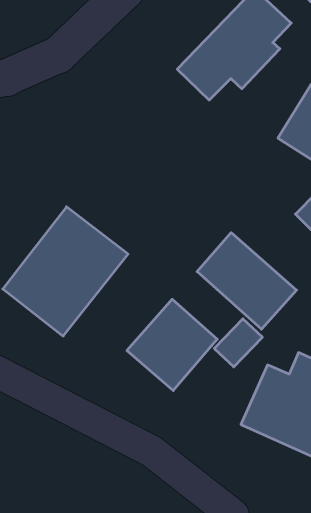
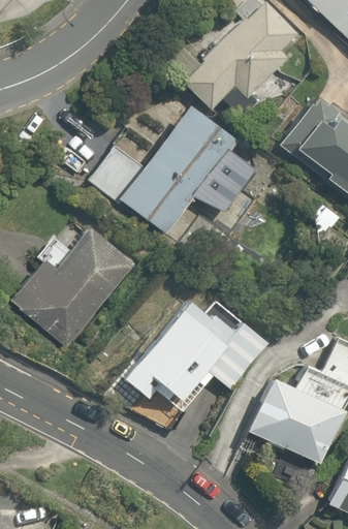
building: none -> [92,105,257,237]
building: [197,233,297,329] -> none

